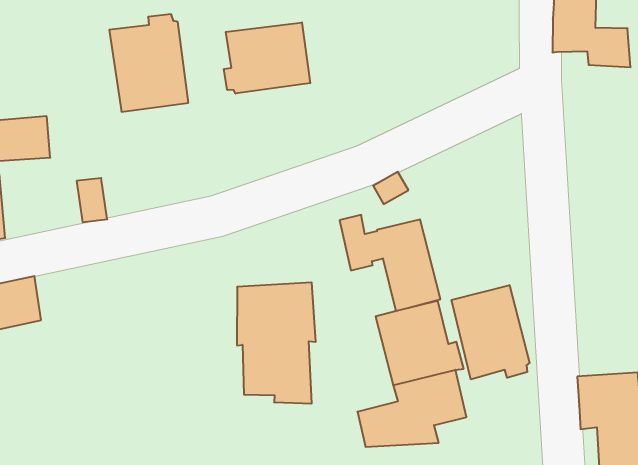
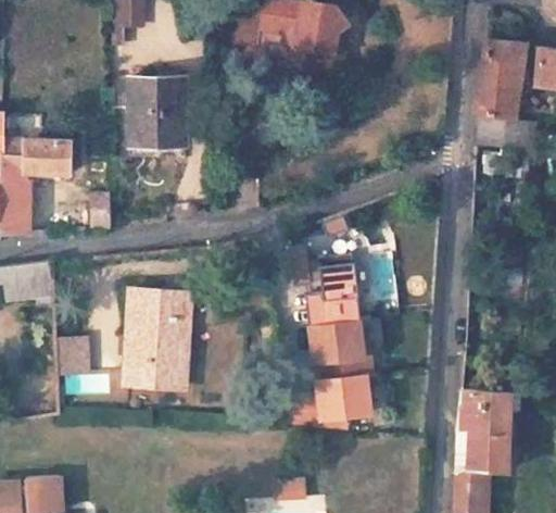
building: [224,22,310,94] -> none
building: [237,282,316,404] -> [124,293,188,391]
building: [452,285,530,379] -> none
building: none -> [51,339,83,373]

